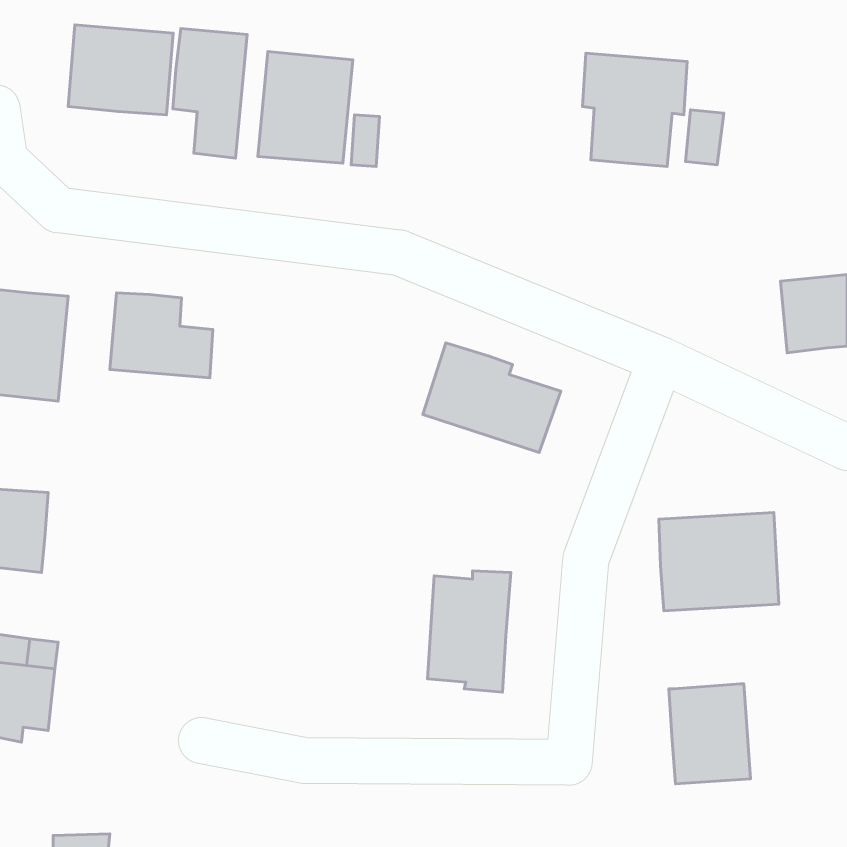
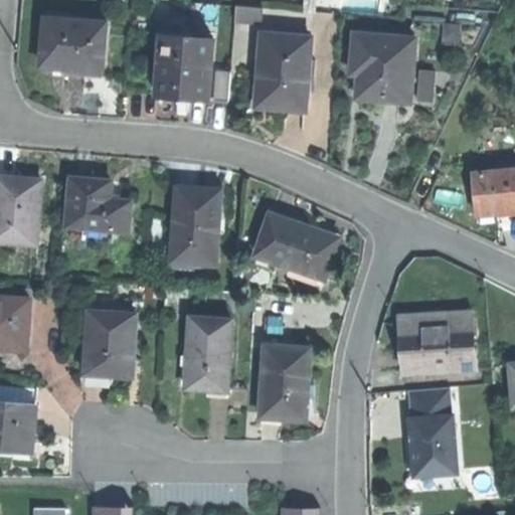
building: [173,29,247,158] -> none
building: none -> [256,34,310,118]
building: none -> [170,187,220,265]
building: none -> [83,311,135,376]
building: none -> [183,318,228,390]
building: none -> [405,387,448,418]

